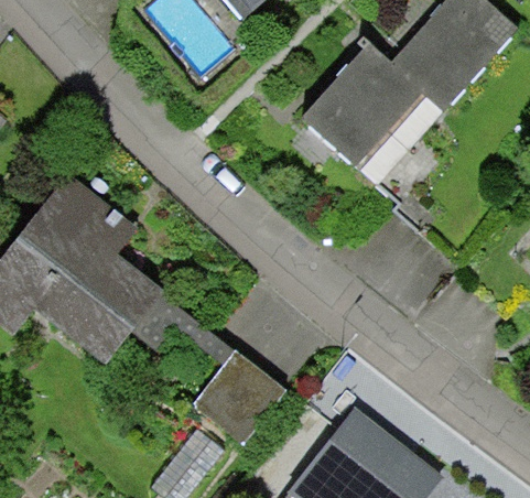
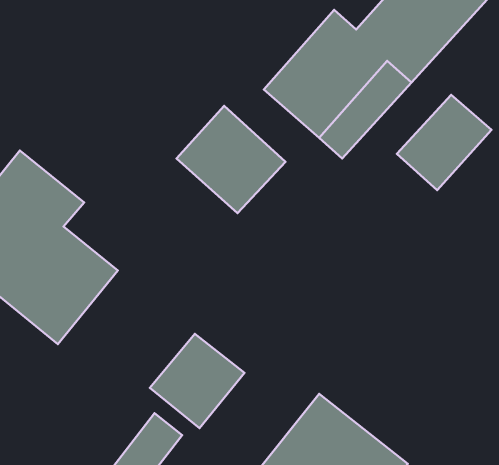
building: none -> [397,95,491,190]
building: none -> [176,106,286,213]

